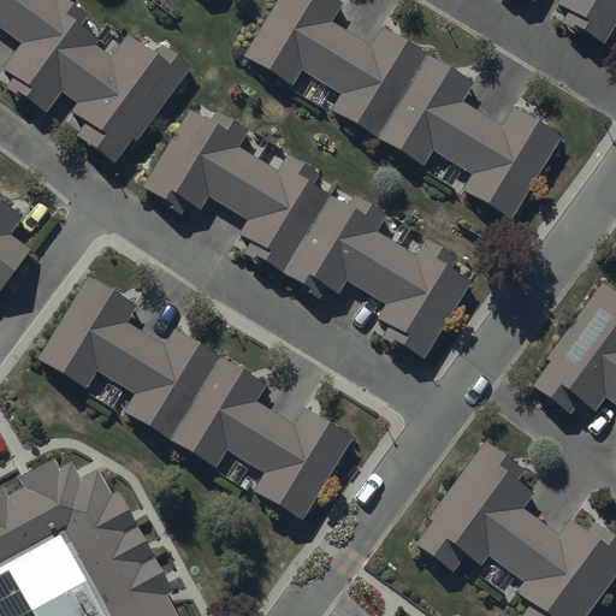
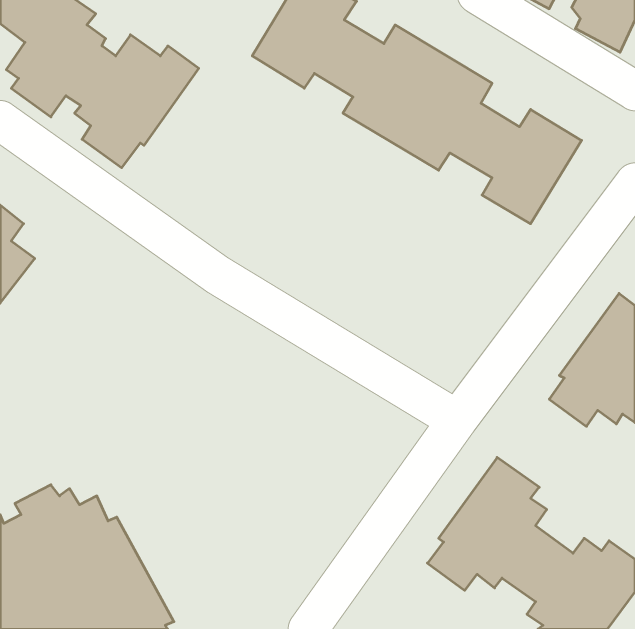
building: [148,106,474,354] -> none
building: [37,276,348,516] -> none

